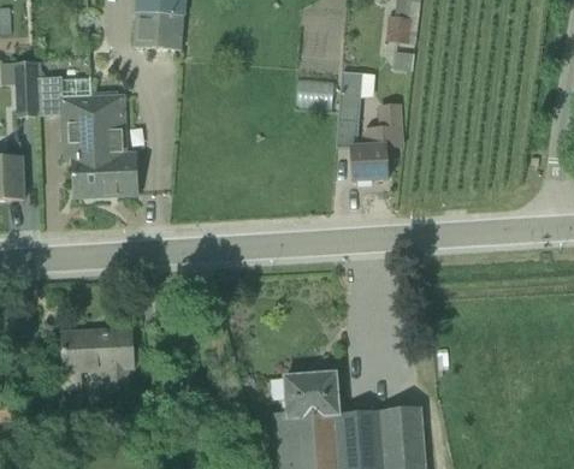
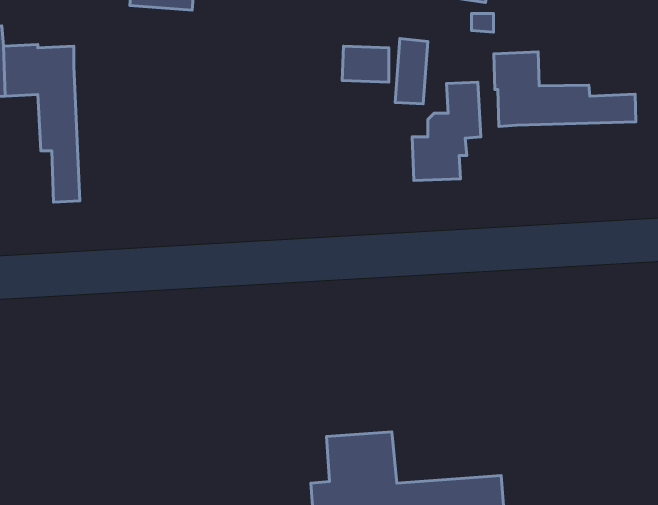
building: none -> [494,52,636,127]
building: [90,90,137,195] -> none
building: [55,328,134,390] -> none

